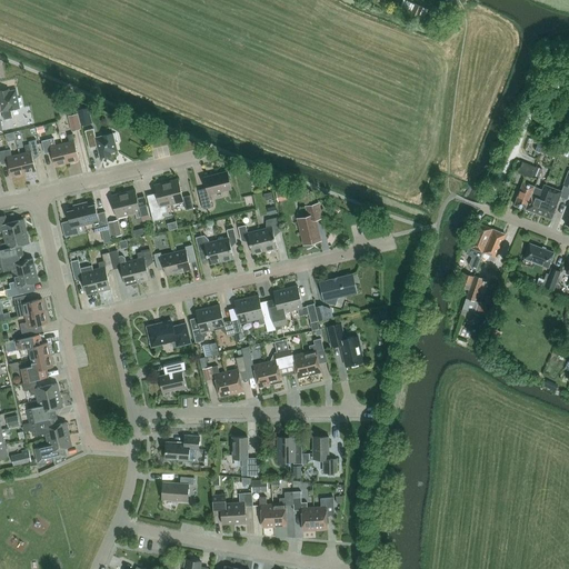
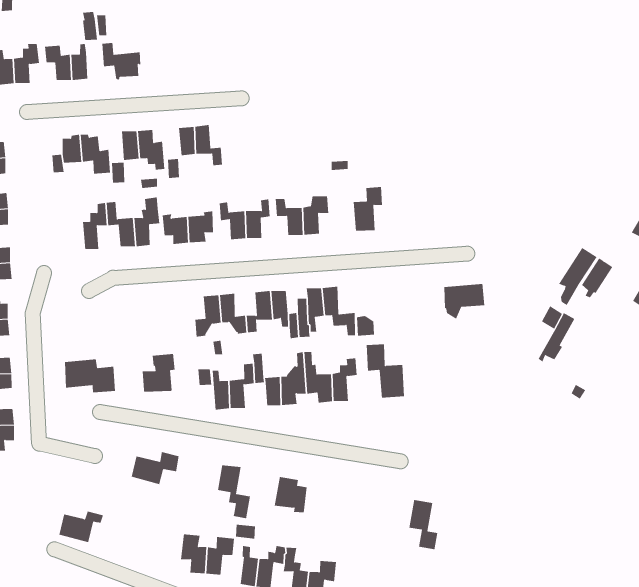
building: [197,171,230,209] -> none
building: [69,260,98,295] -> none
building: [320,274,355,306] -> [443,283,485,319]
building: [146,320,189,347] -> [64,359,116,393]
building: [312,437,336,472] -> [409,500,438,550]
building: [161,477,193,501] -> [58,511,104,543]

